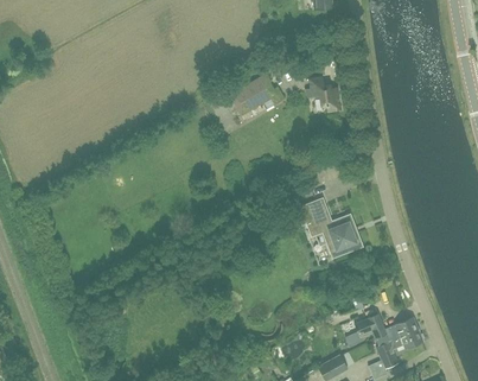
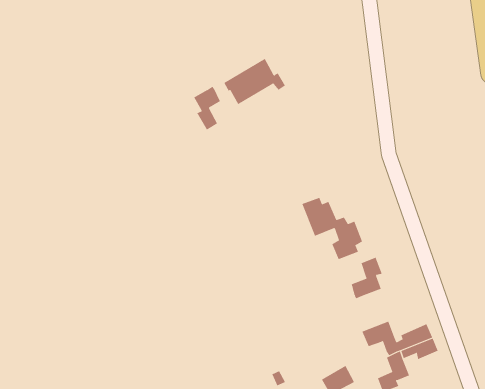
building: [307,77,342,113] -> none
building: none -> [193,86,221,130]
building: none -> [351,257,382,299]

